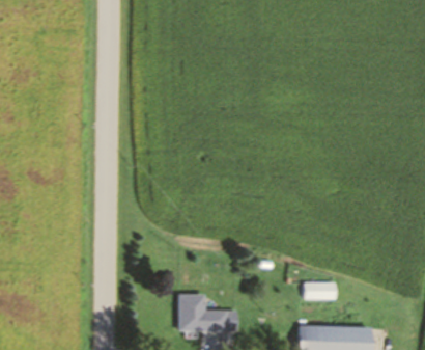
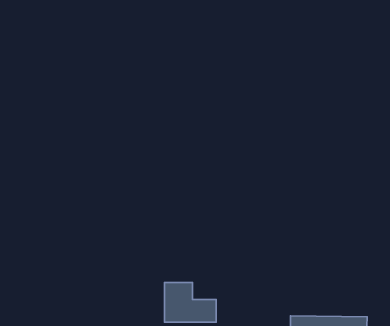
building: [307,282,338,299] -> none

